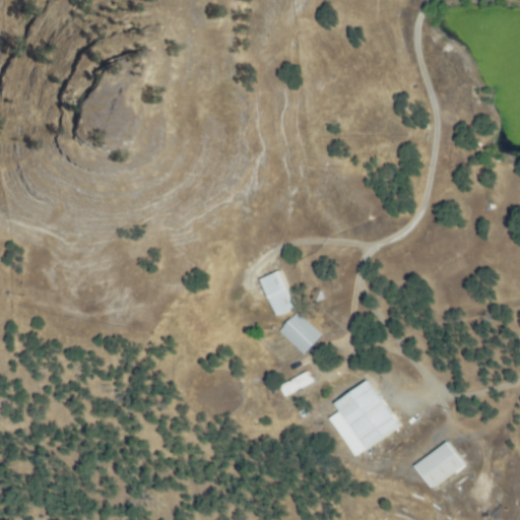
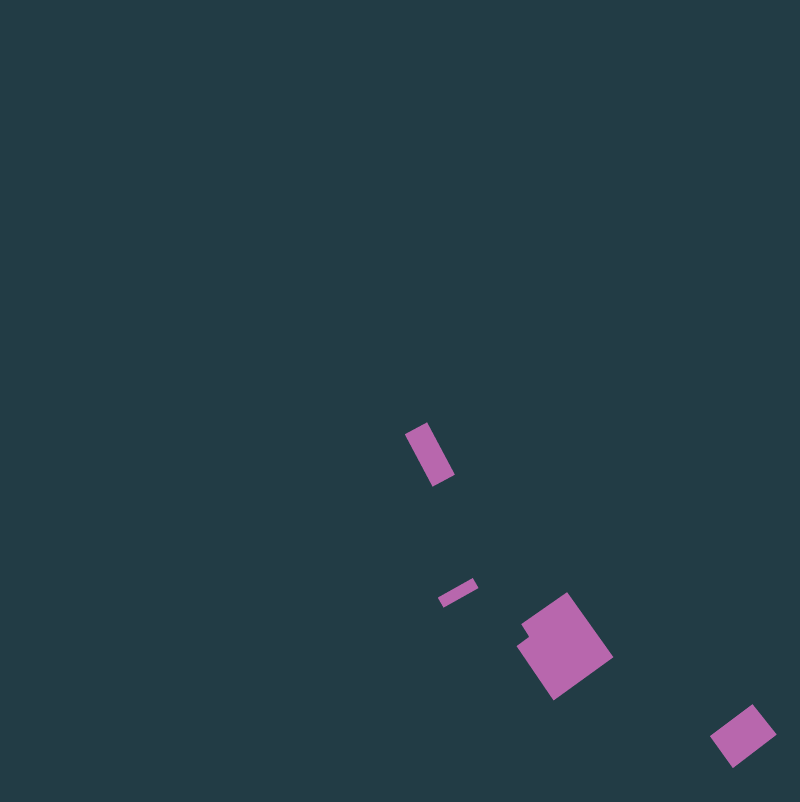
building: [280,314,319,352] -> none
building: [416,444,461,486] -> [709,703,778,769]

